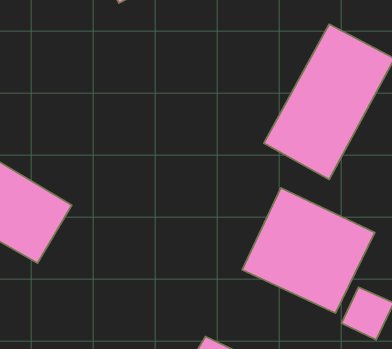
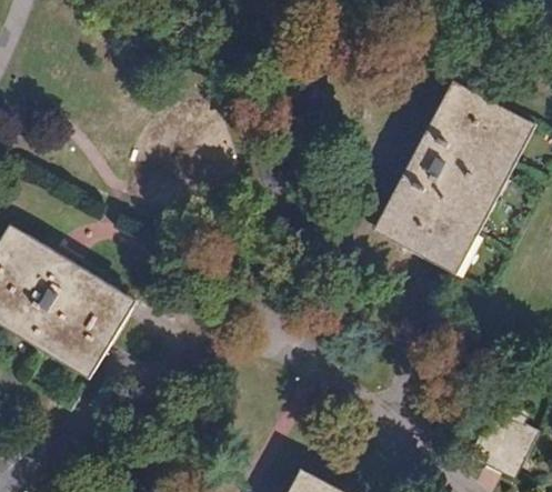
building: [242,188,375,313] -> none

